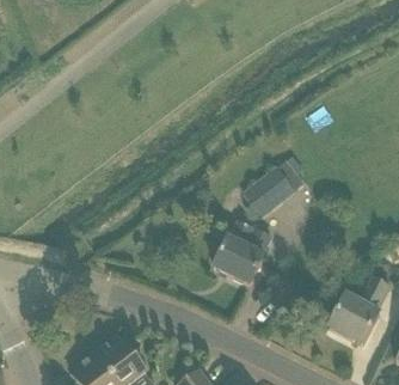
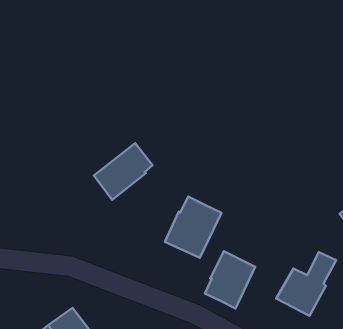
building: [240,159,301,218] -> [94,143,153,200]
building: none -> [205,251,255,308]

